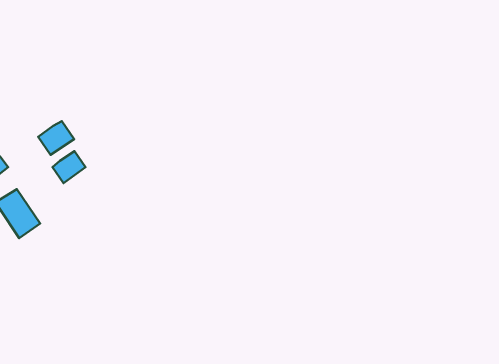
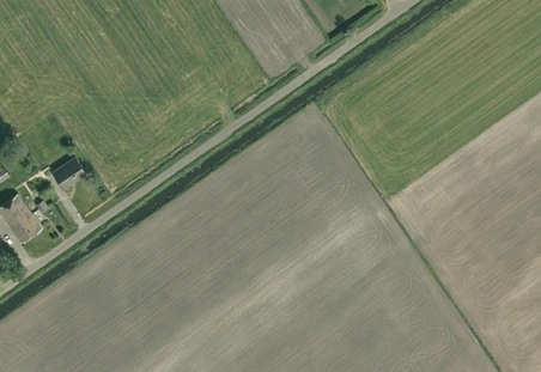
building: [38,121,74,155] -> none

